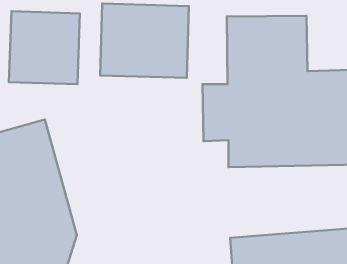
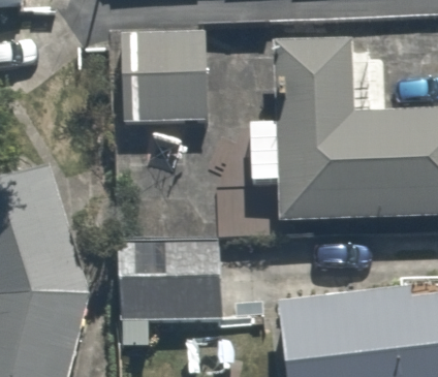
building: [9,11,80,84] -> none
building: none -> [117,234,220,313]

